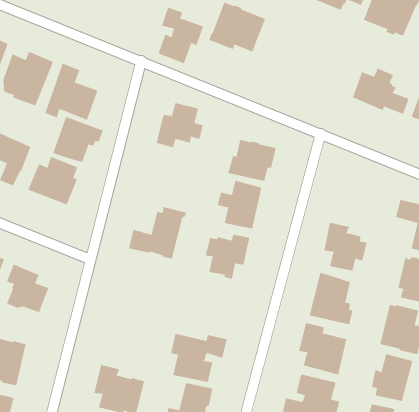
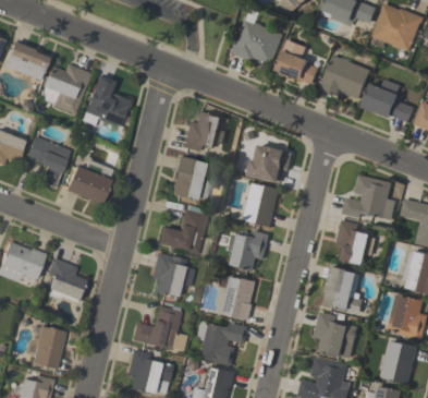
building: [158,7,204,64] -> none
building: none -> [276,38,319,84]
building: none -> [319,55,370,99]
building: [52,116,103,163] -> none
building: none -> [172,155,211,200]
building: none -> [342,174,395,220]
building: none -> [151,252,194,297]
building: none -> [219,273,256,319]
building: none -> [133,305,186,350]

